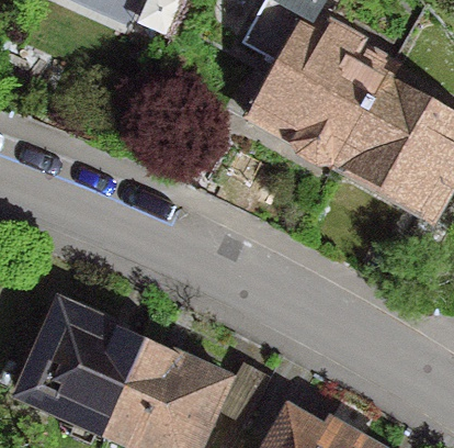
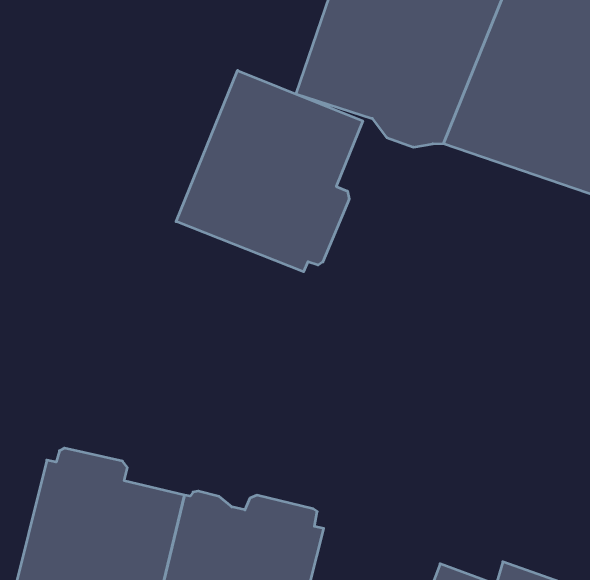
building: none -> [176,70,363,272]

